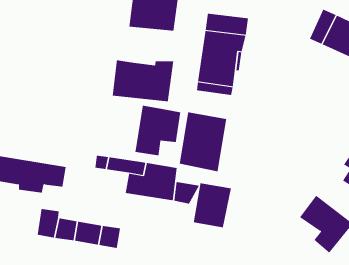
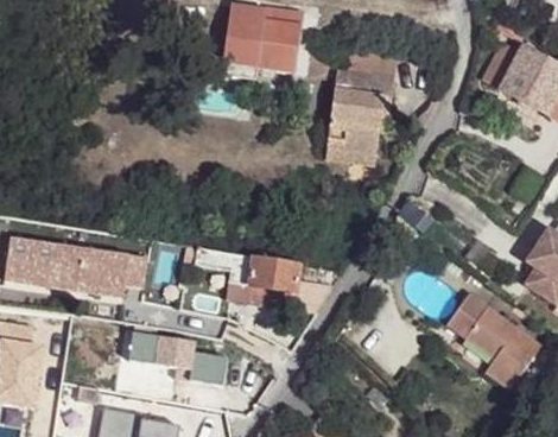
building: [112,60,174,102] -> none
building: [135,105,181,156] -> none
building: [179,112,227,172] -> none
building: [193,182,232,228] -> none

